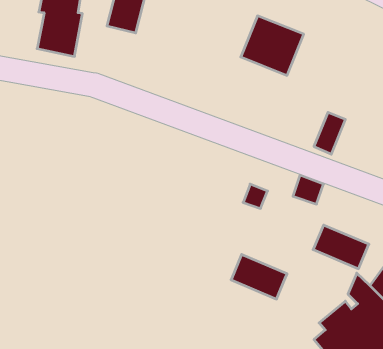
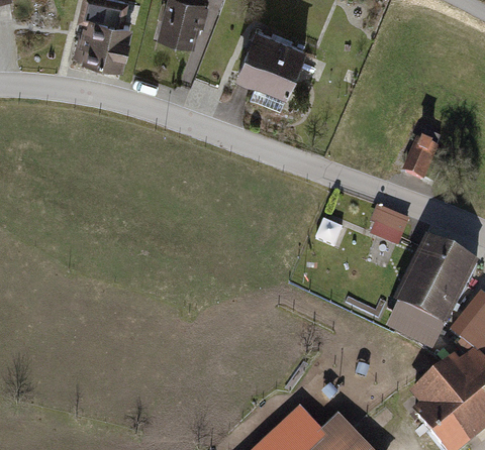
building: [241,16,304,75] -> [231,24,304,93]
building: none -> [410,240,475,291]
building: [231,254,287,299] -> [386,297,451,348]

